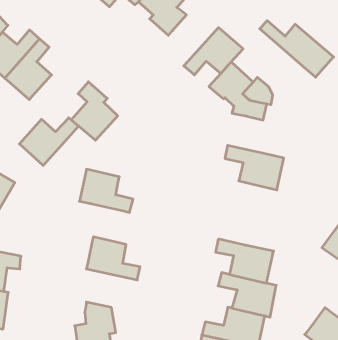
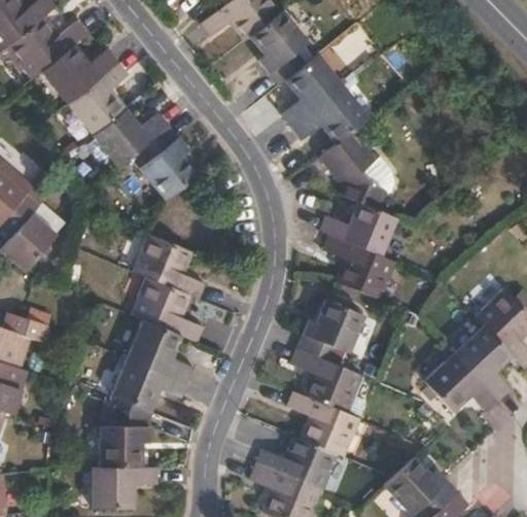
building: none -> [281,54,343,126]
building: [260,21,334,77] -> none
building: none -> [319,201,396,255]
building: [19,118,79,165] -> [93,108,170,166]
building: none -> [296,299,363,361]
building: none -> [131,276,197,339]
building: none -> [111,356,187,410]

